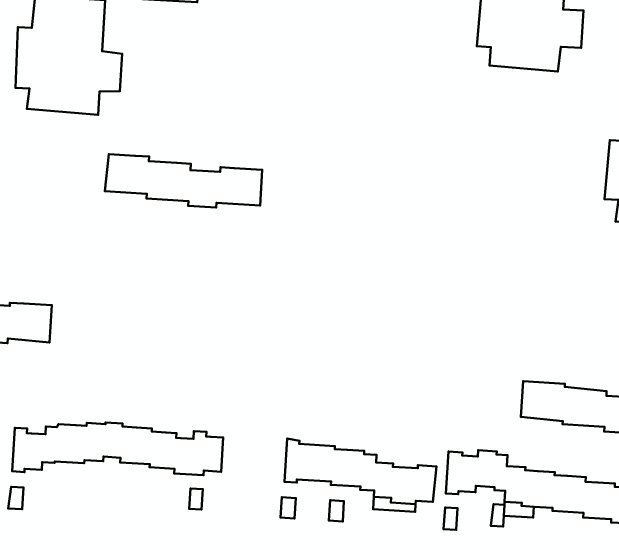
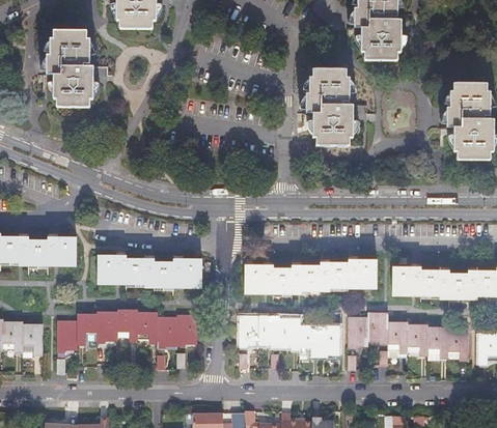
building: none -> [299,67,369,145]
building: [105,154,262,208] -> [98,254,201,285]
building: none -> [244,260,377,292]

